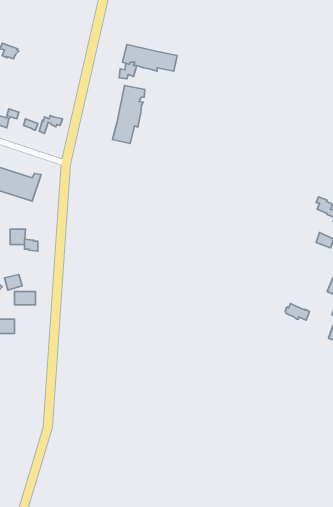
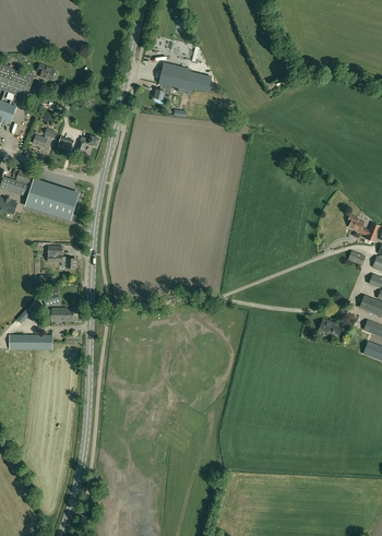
building: [113,86,145,143] -> none

